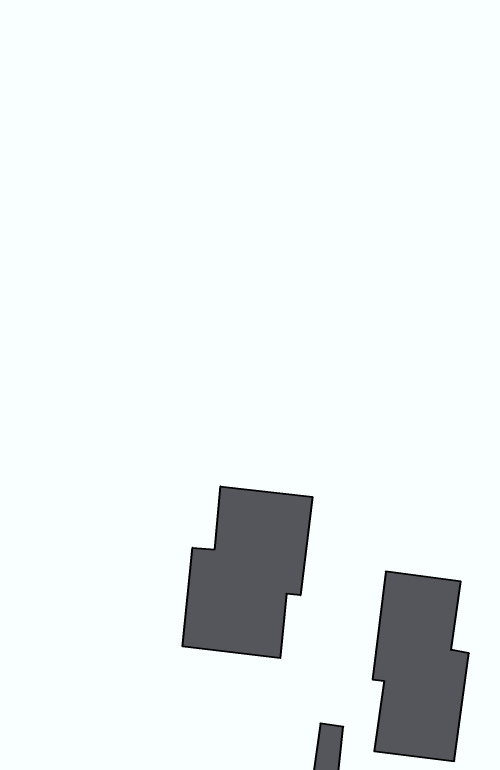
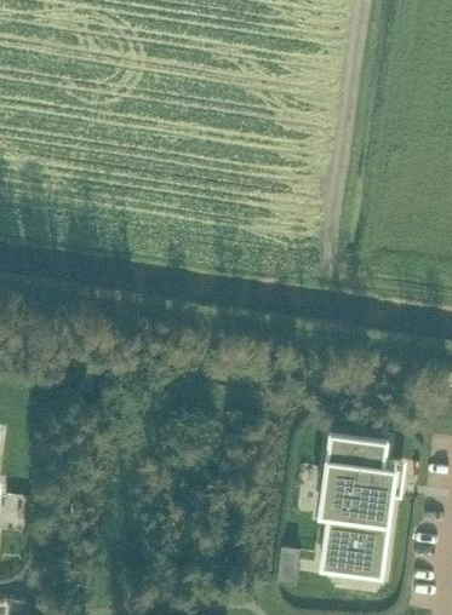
building: [183,486,312,658] -> none

